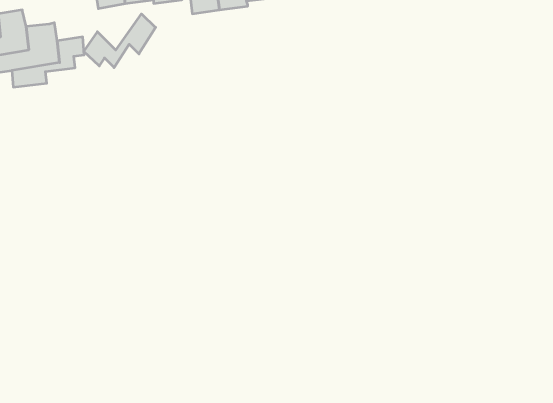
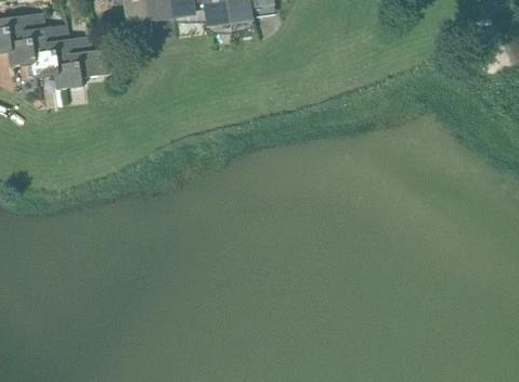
building: [84,14,156,68] -> none

